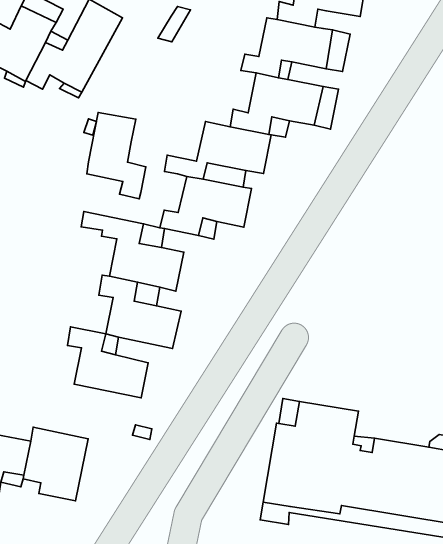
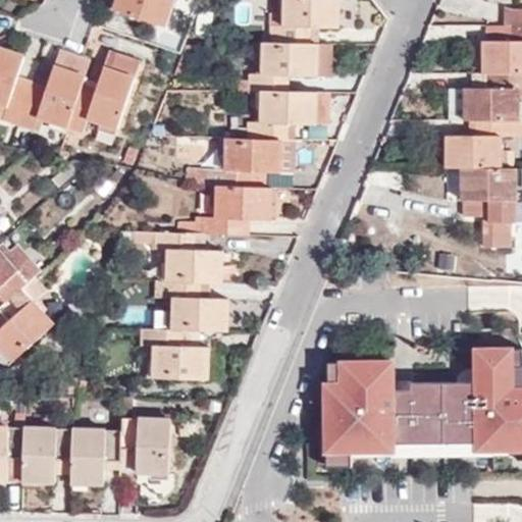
building: [87,113,146,199] -> none

